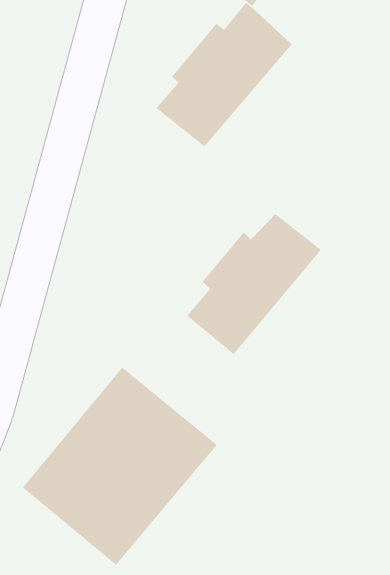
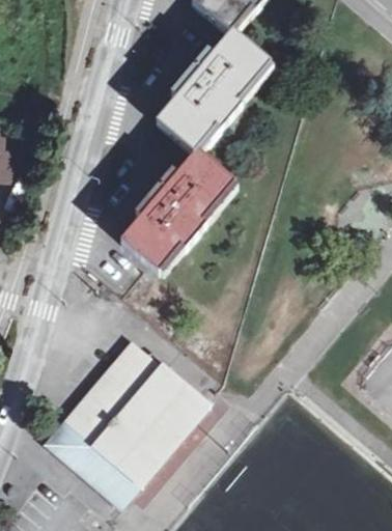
building: [186,213,322,355] -> [122,153,237,274]

